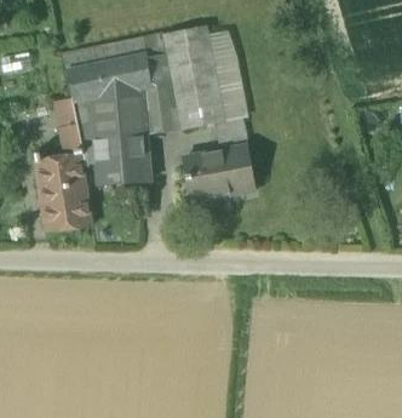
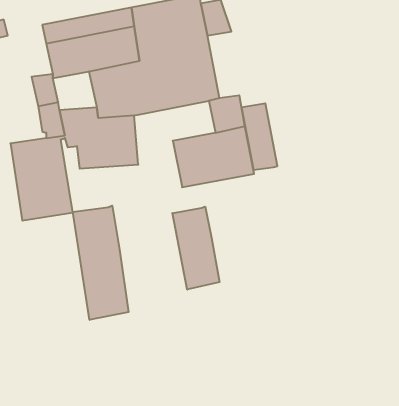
building: [213,59,246,120] -> [241,103,277,170]
building: [73,96,113,131] -> none
building: none -> [73,206,129,320]
building: none -> [172,207,220,290]

